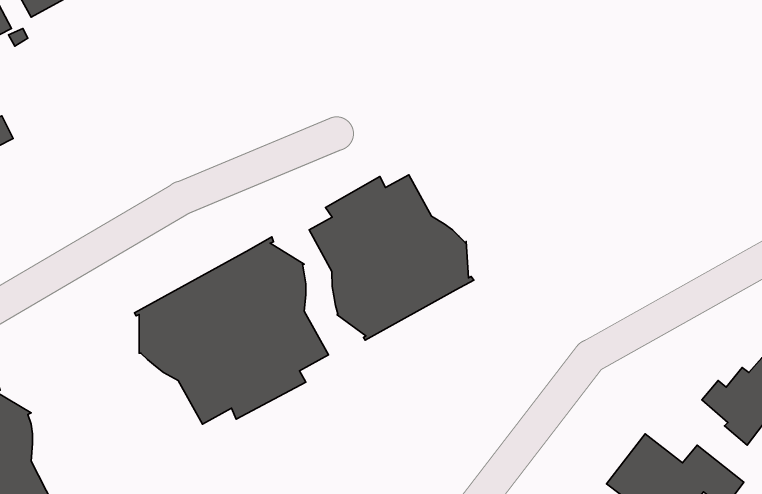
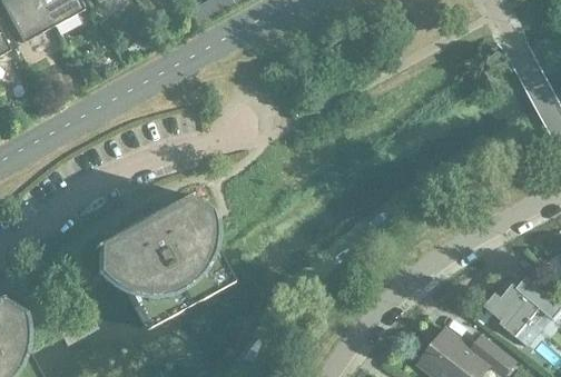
building: [309,175,474,340] -> none

